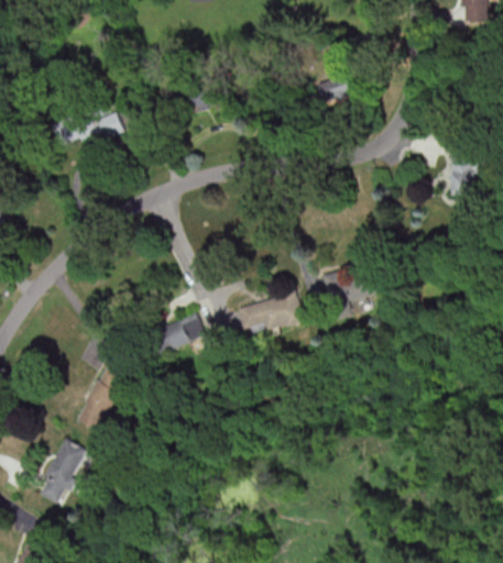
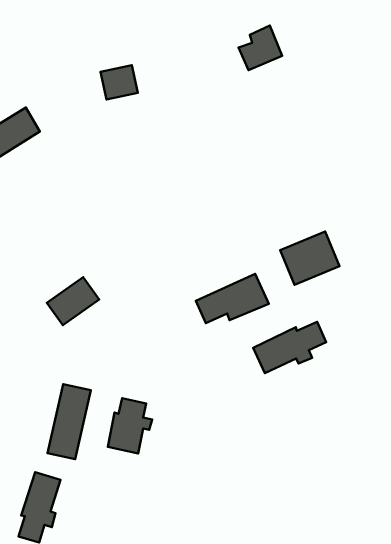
building: [155,313,204,354] -> [47,277,99,325]
building: none -> [253,322,326,373]
building: none -> [108,398,152,454]

